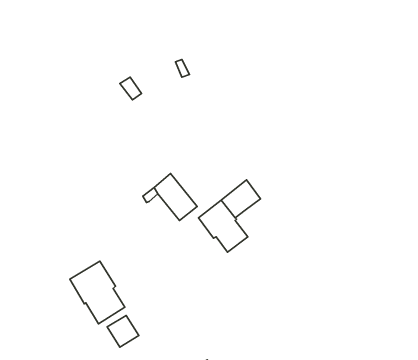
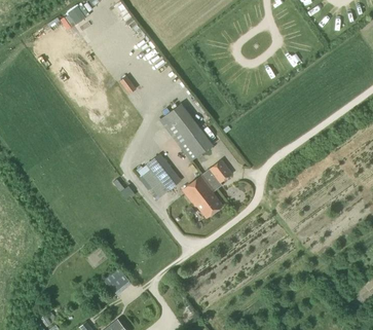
building: none -> [159,103,213,160]
building: [70,261,125,324] -> none

